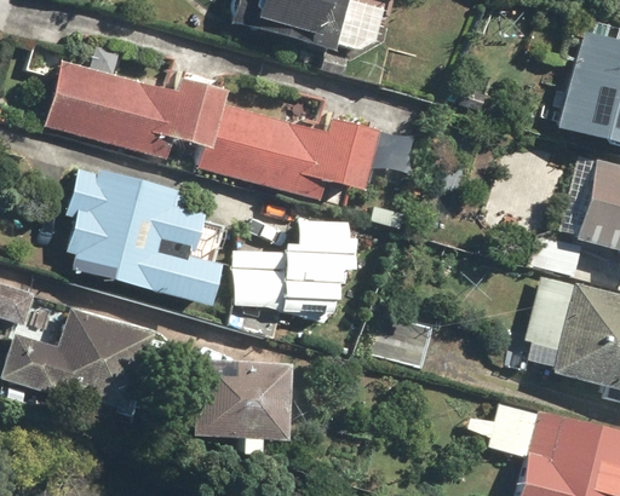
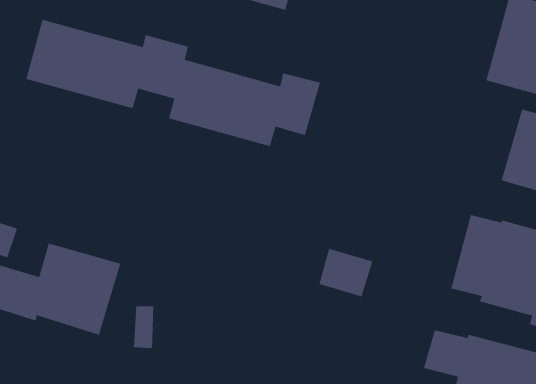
building: [68,167,220,305] -> none
building: [235,220,355,313] -> none
building: [195,359,291,438] -> none

